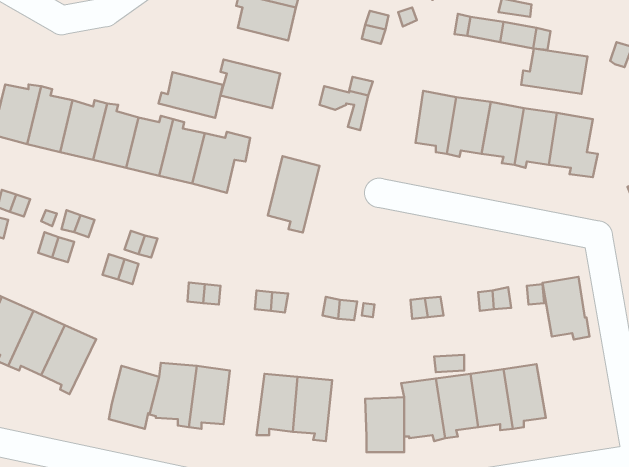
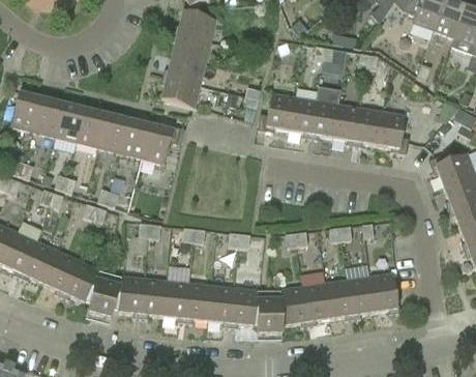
building: [521,48,587,94] -> none
building: [159,72,223,118] -> [162,55,205,85]
building: none -> [258,93,294,133]
building: [268,156,319,233] -> none
building: [542,277,590,340] -> [368,272,399,314]
building: none -> [61,260,99,302]
building: none -> [162,281,189,323]
building: none -> [230,287,257,328]

